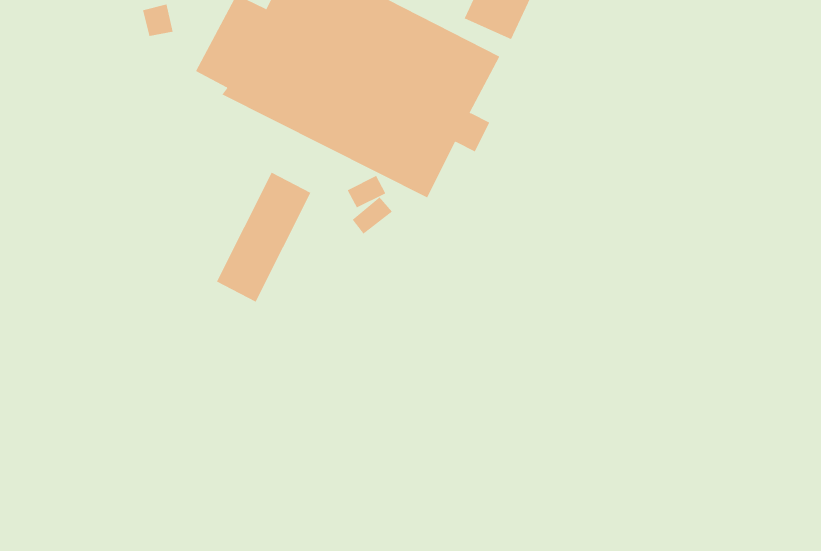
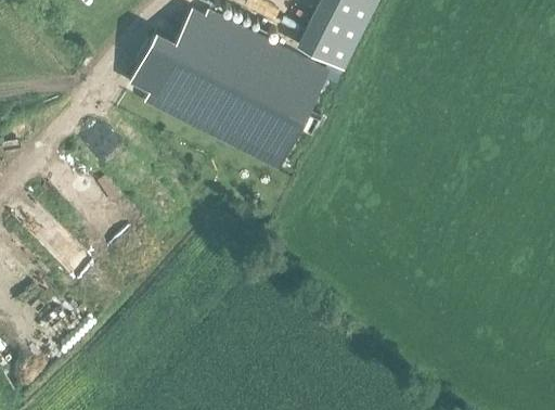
building: [216,172,311,303] -> none

